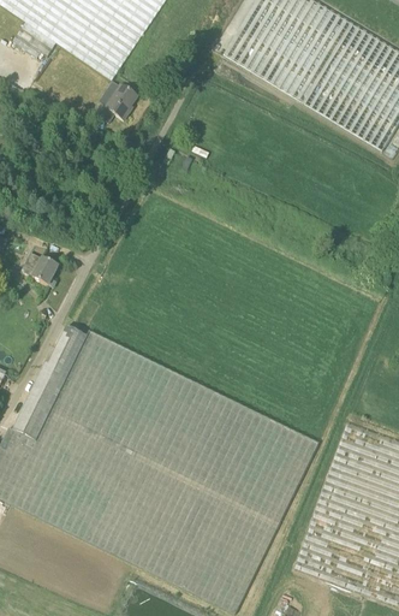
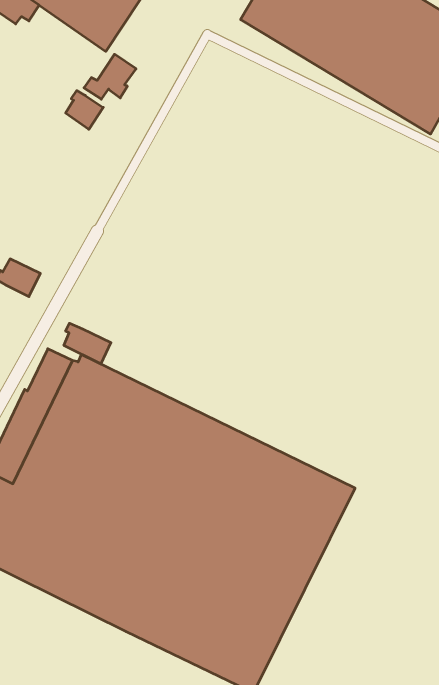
building: none -> [66,91,103,129]
building: none -> [64,323,111,364]

